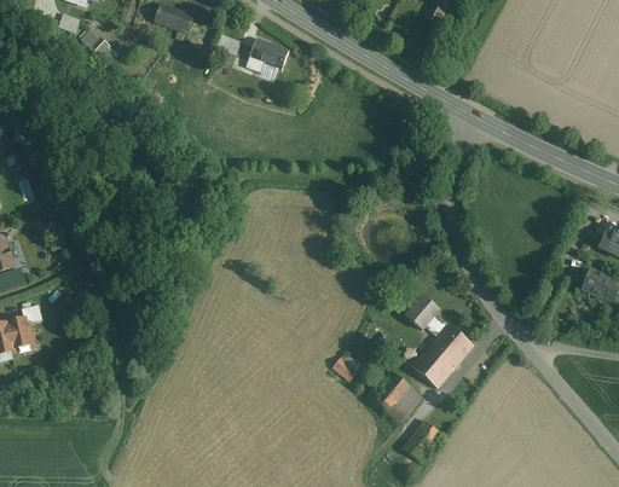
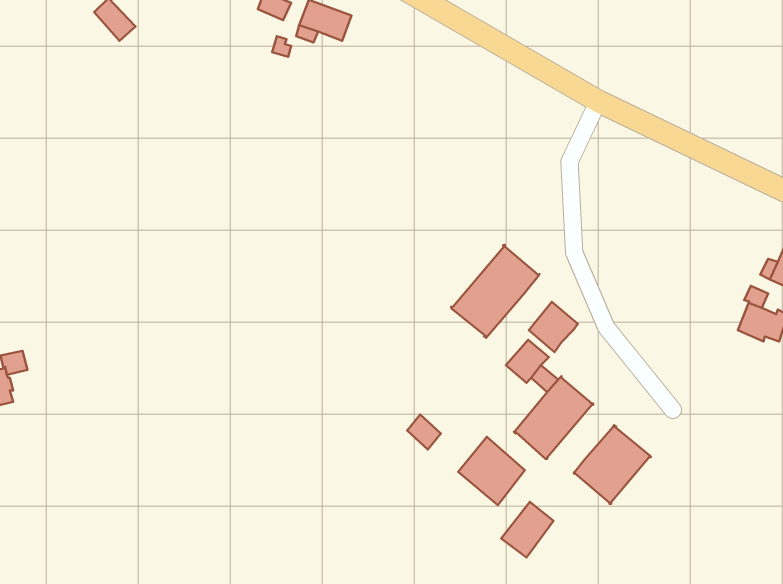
building: none -> [451,245,540,338]
building: none -> [529,302,578,352]
building: none -> [574,425,651,504]

